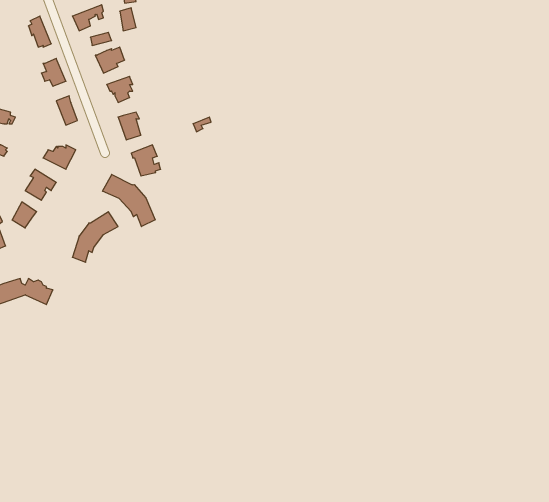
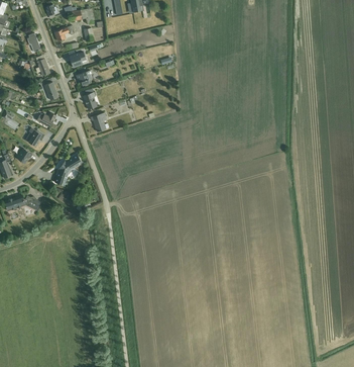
building: [103,174,155,227] -> none

